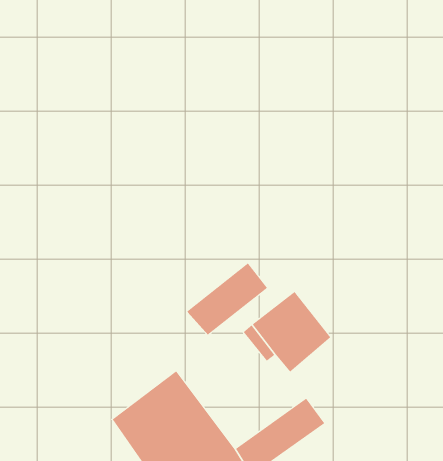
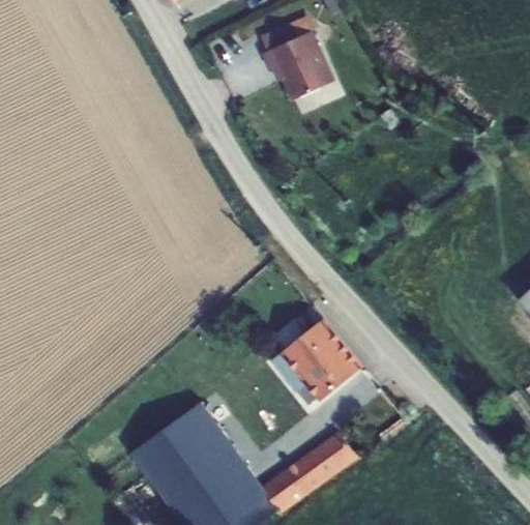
building: none -> [262,29,331,97]
building: [187,262,268,336] -> none

